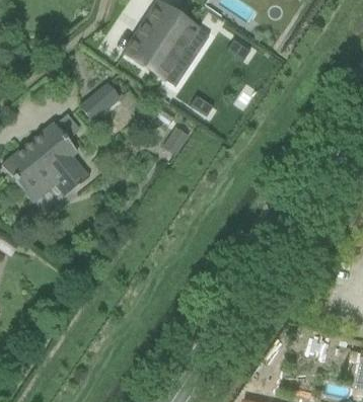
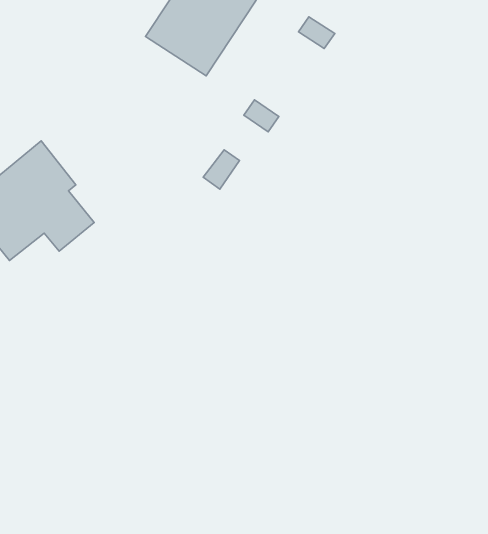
building: [81,83,121,120] -> none

